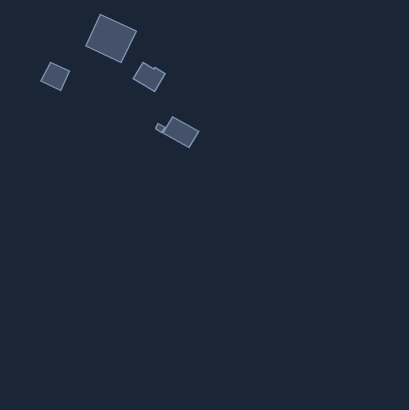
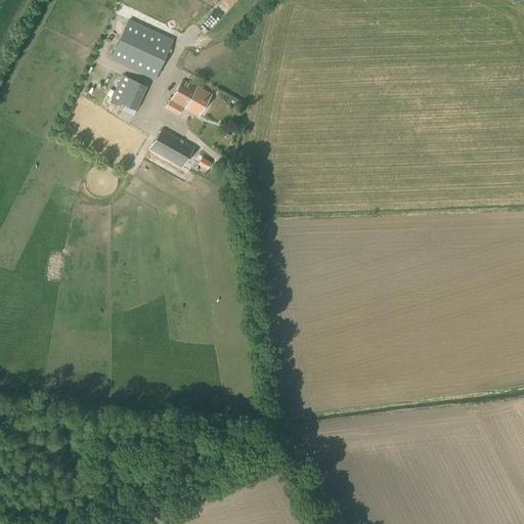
building: [41,62,70,91] -> [112,75,148,111]
building: [163,117,199,147] -> [149,129,195,168]

